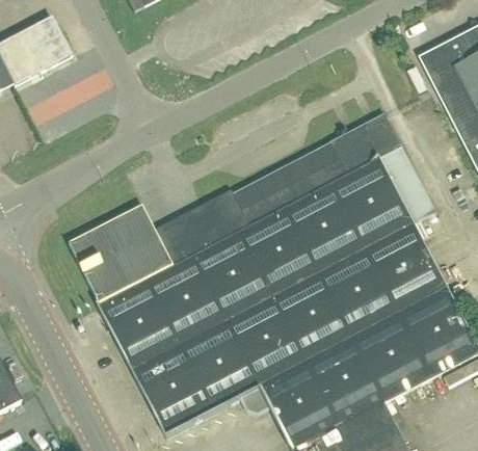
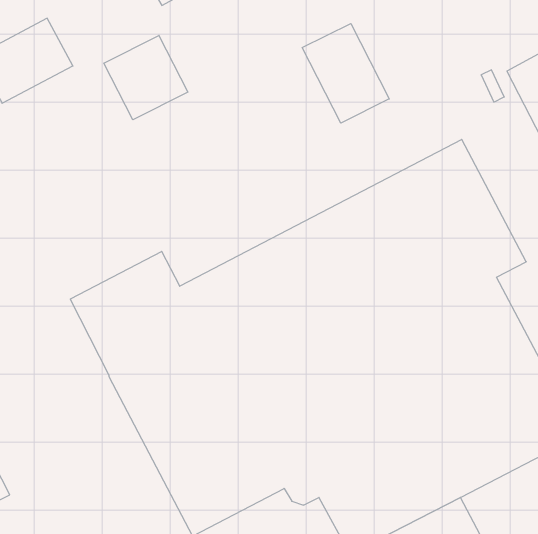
building: none -> [302,24,389,123]
building: none -> [104,35,188,120]

